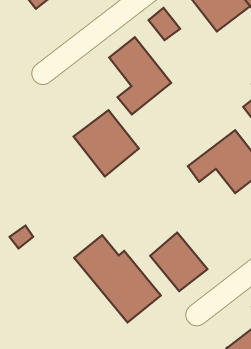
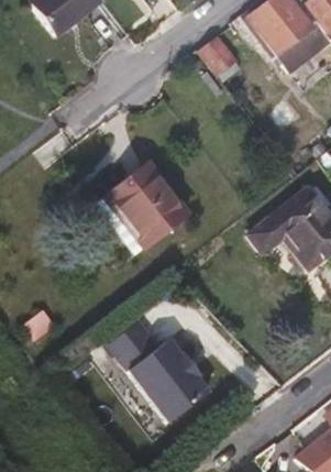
building: [109,37,171,115] -> none
building: [150,233,207,291] -> none

